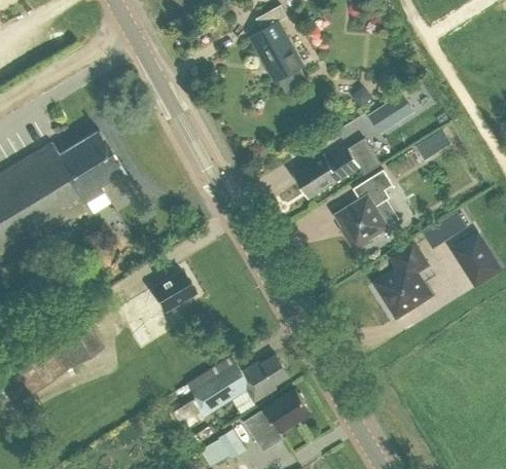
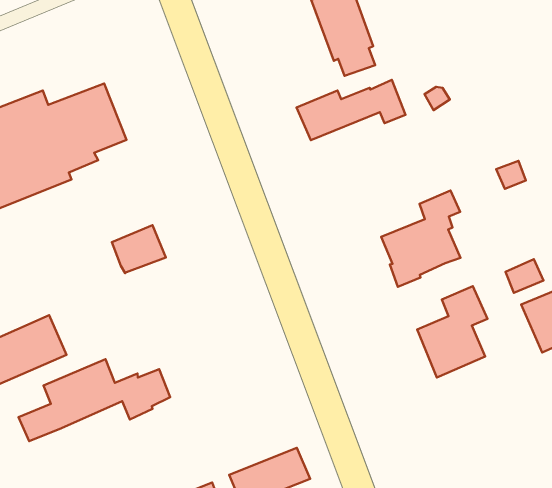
building: [369,103,402,134] -> none
building: [293,140,380,197] -> [297,80,406,140]
building: [150,269,194,311] -> [112,225,166,273]
building: [172,355,288,429] -> [19,359,170,441]

